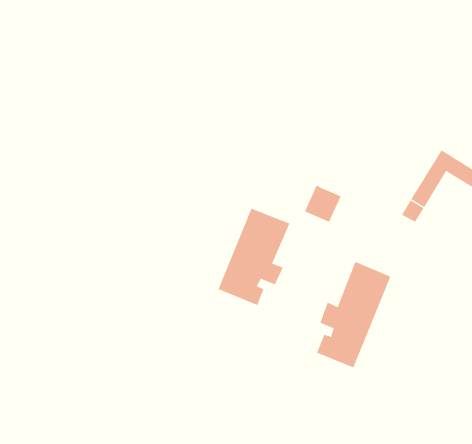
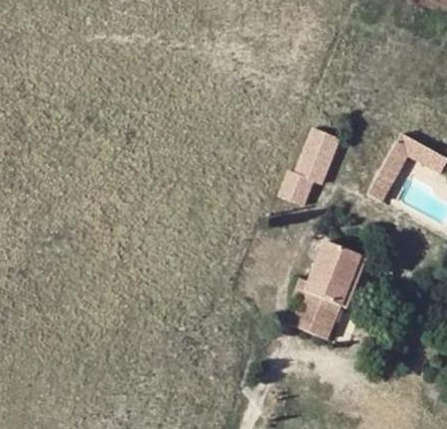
building: none -> [297,128,342,183]
building: [218,208,290,306] -> none

